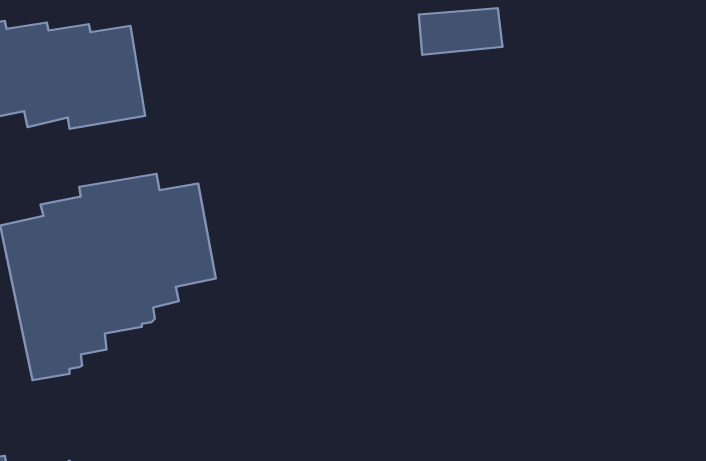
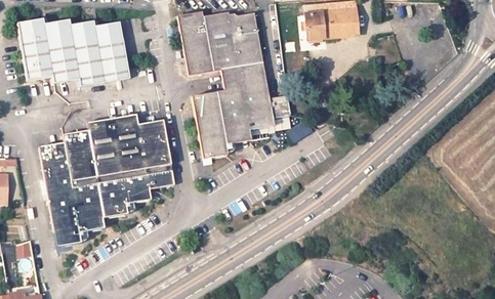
building: none -> [174,11,292,159]

